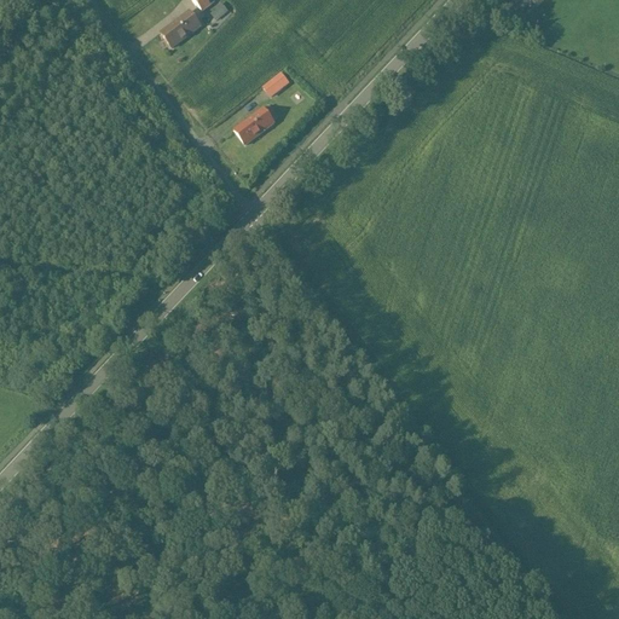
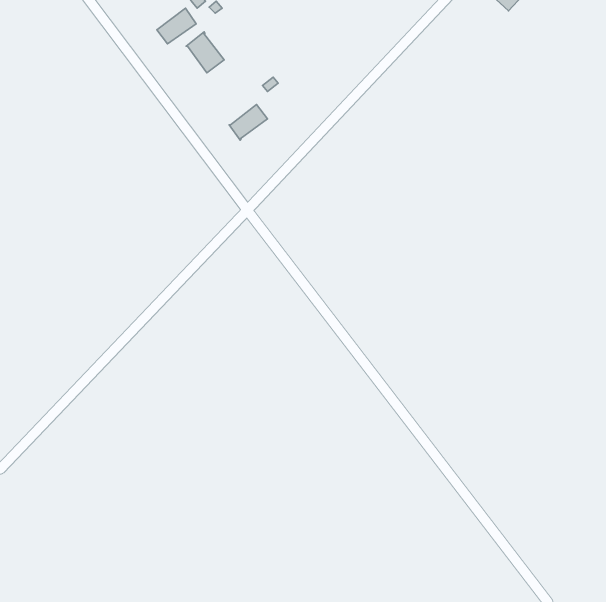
building: none -> [186,32,224,73]

